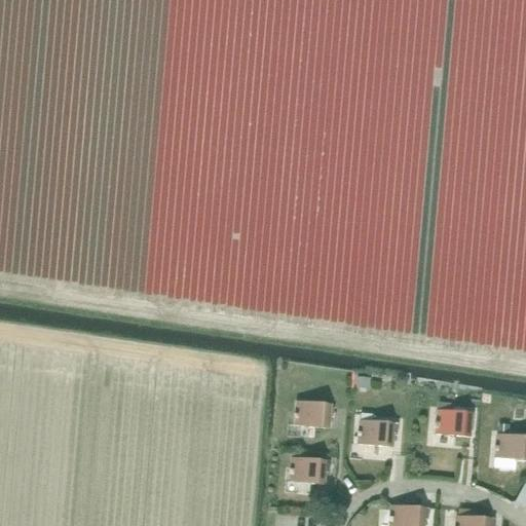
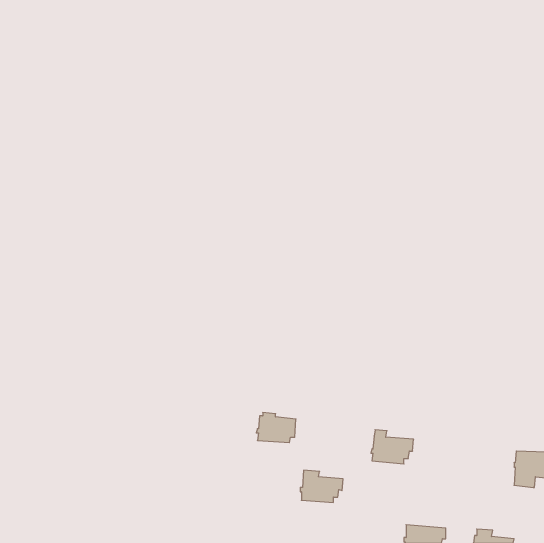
building: [295,398,333,426] -> [256,413,296,443]
building: [437,402,474,436] -> none

